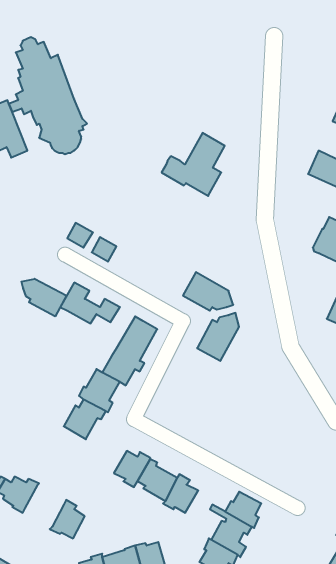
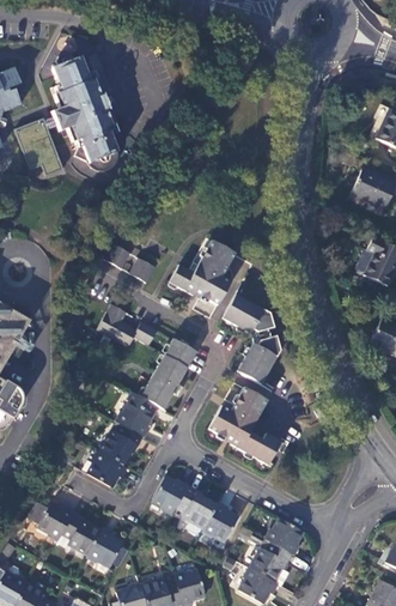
building: [162,133,225,196] -> [170,241,234,305]
building: [21,279,67,316] -> none
building: none -> [208,387,281,465]
building: none -> [89,450,128,486]
building: none -> [61,511,100,555]

